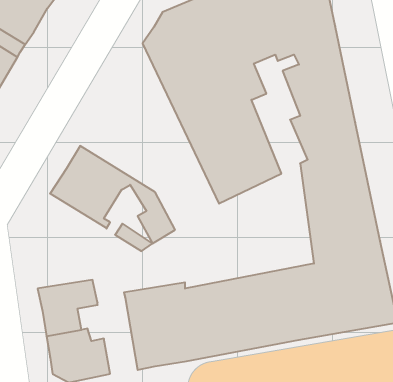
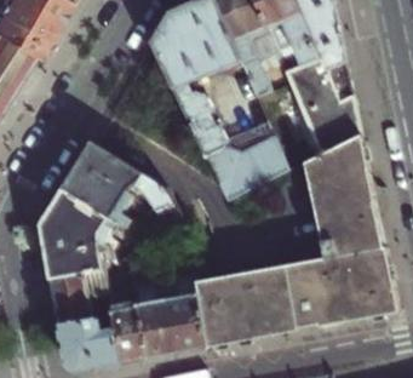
building: none -> [42,189,117,281]
building: none -> [110,290,149,363]

